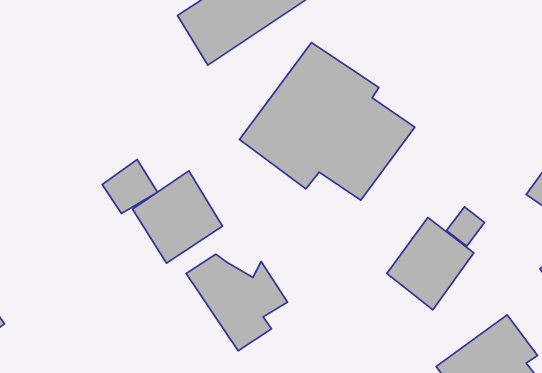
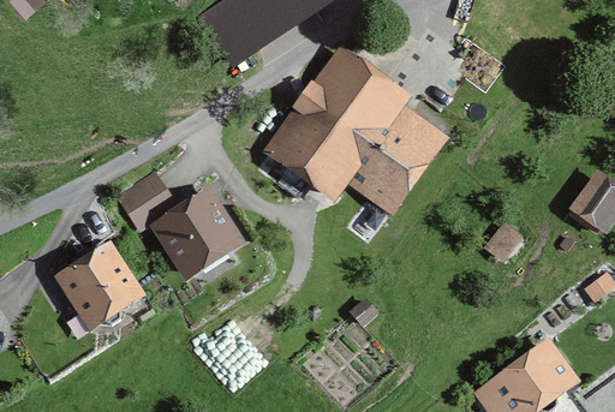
building: [387,218,474,310] -> none
building: none -> [54,239,148,330]
building: [186,254,287,351] -> none

